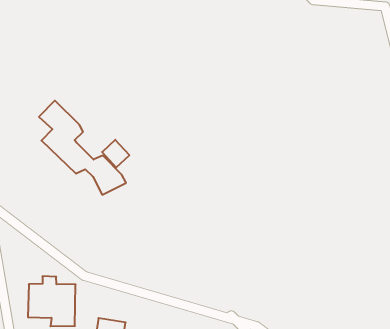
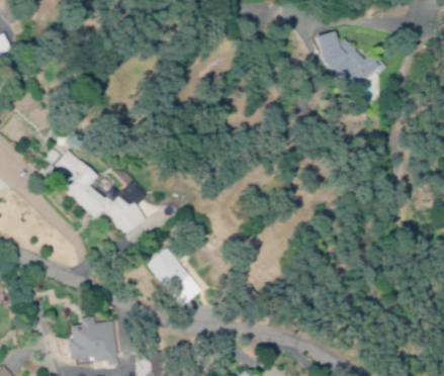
building: none -> [309,29,375,86]
building: none -> [149,248,204,306]

